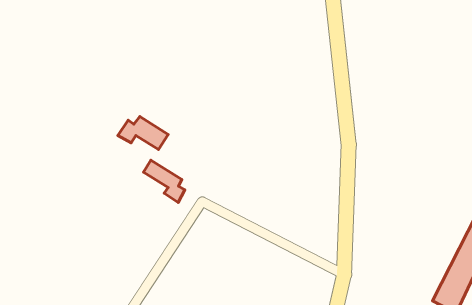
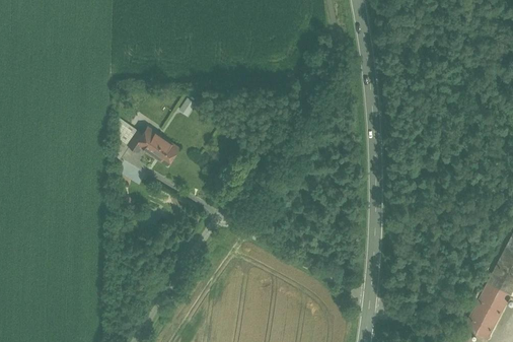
building: [143,160,185,202] -> none

